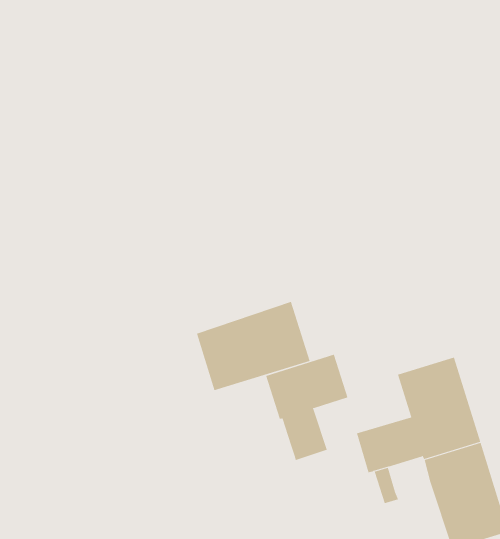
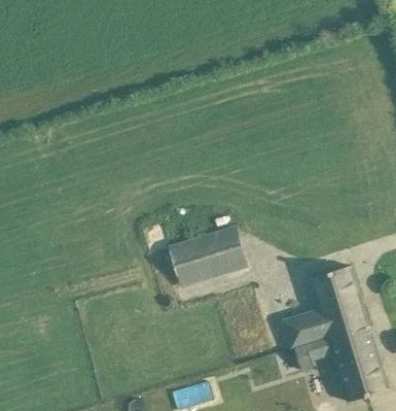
building: [265,354,348,461] -> none

